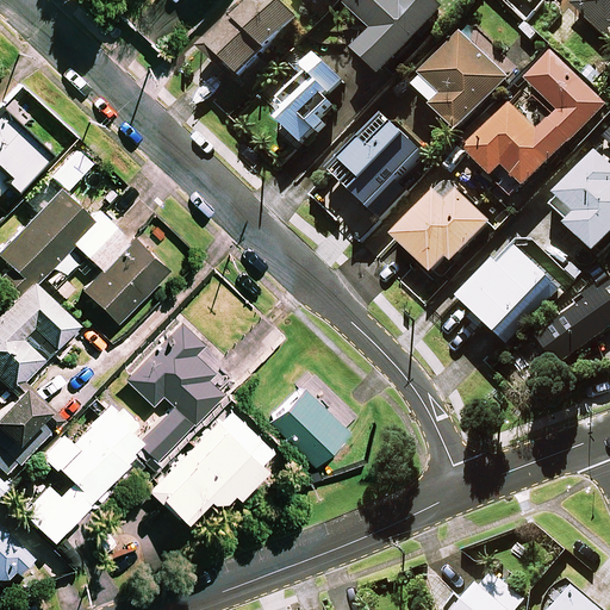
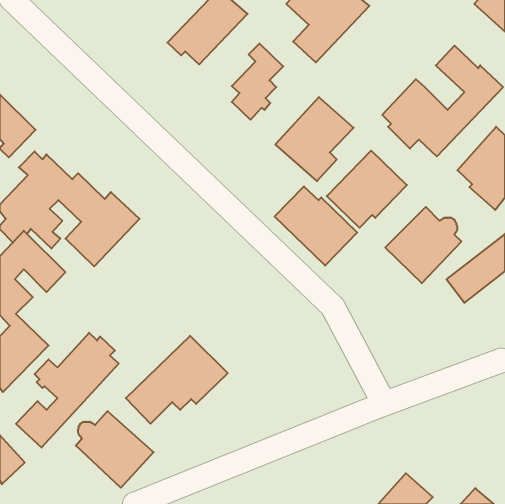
building: [411,35,508,131] -> none
building: none -> [275,186,357,266]
building: [125,315,220,455] -> none
building: [267,380,347,460] -> none
building: none -> [76,411,154,488]

